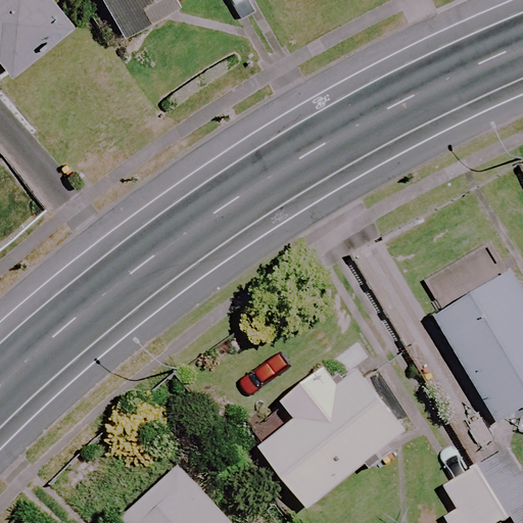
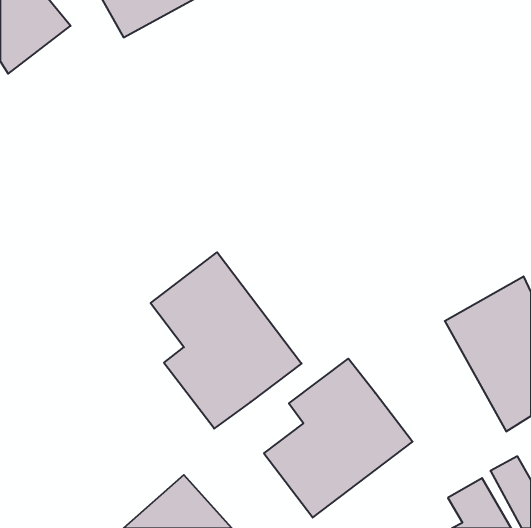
building: none -> [151,252,302,429]

